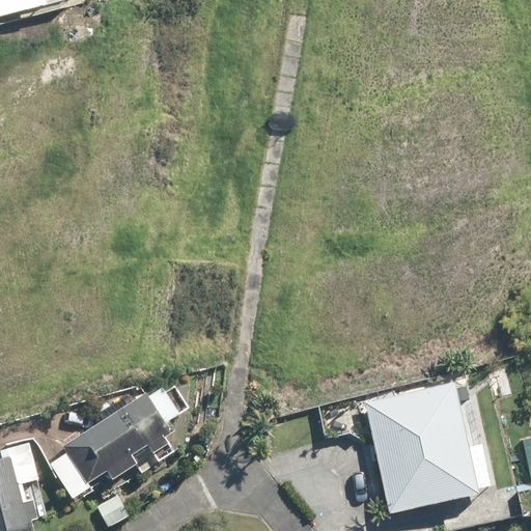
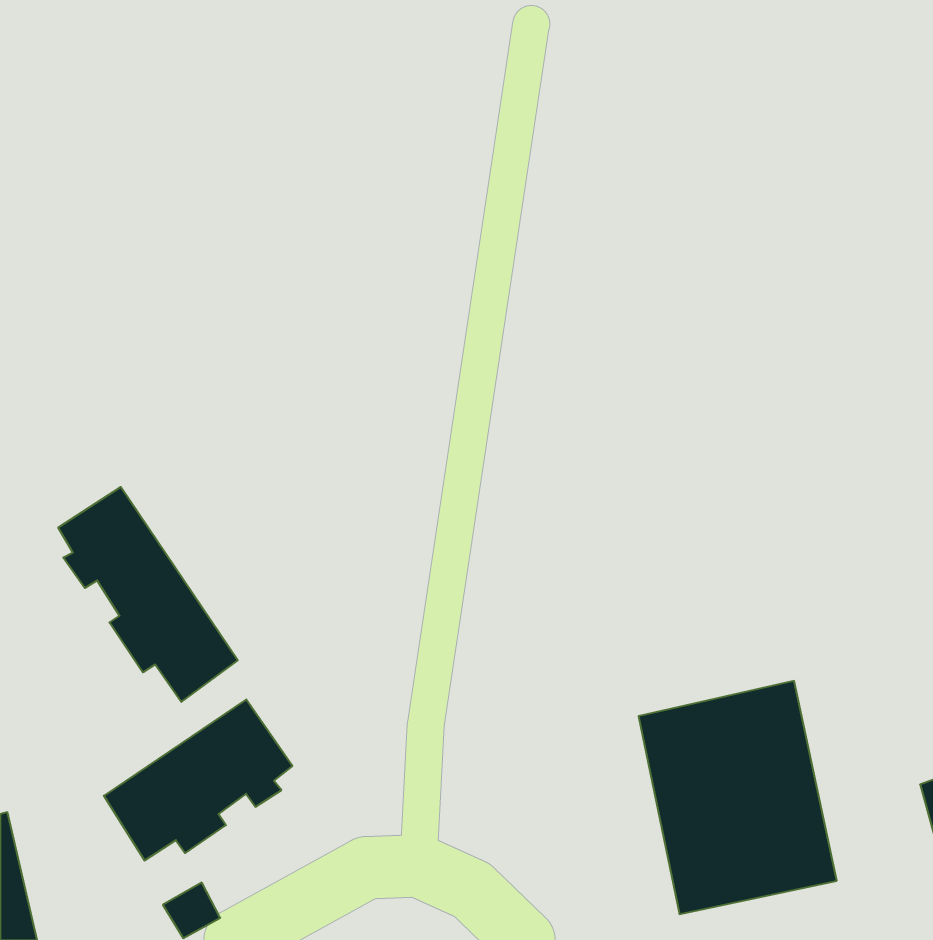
building: none -> [58,487,238,702]

